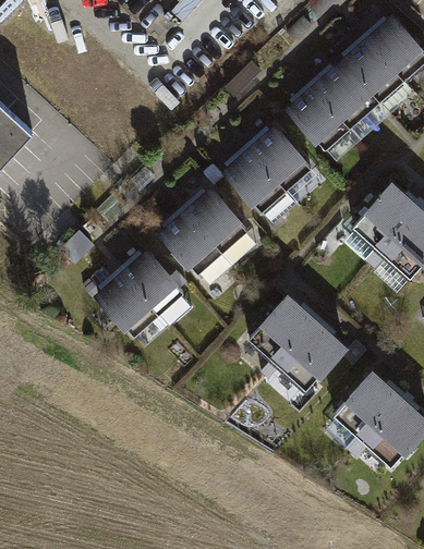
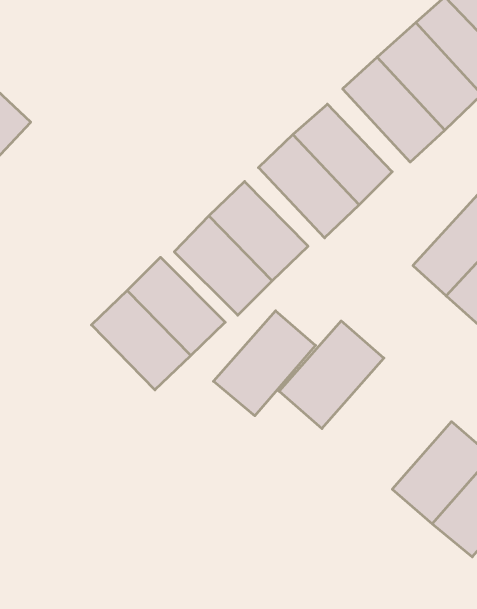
building: [267,320,348,403] -> [213,311,316,416]

